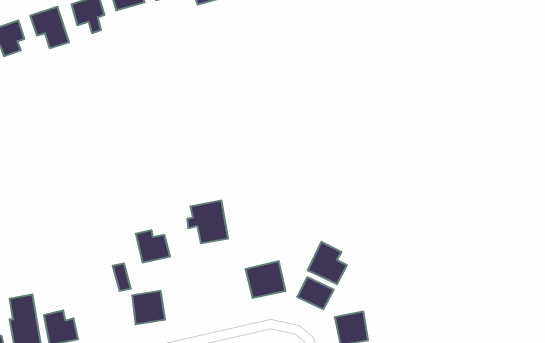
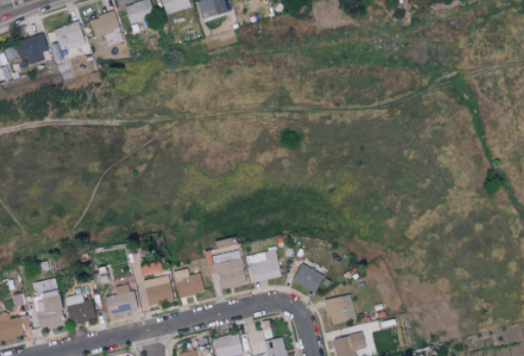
building: [187,201,228,243] -> [209,250,246,287]
building: [136,230,170,262] -> [174,268,205,297]
building: [308,242,347,284] -> none
building: none -> [105,283,135,313]

